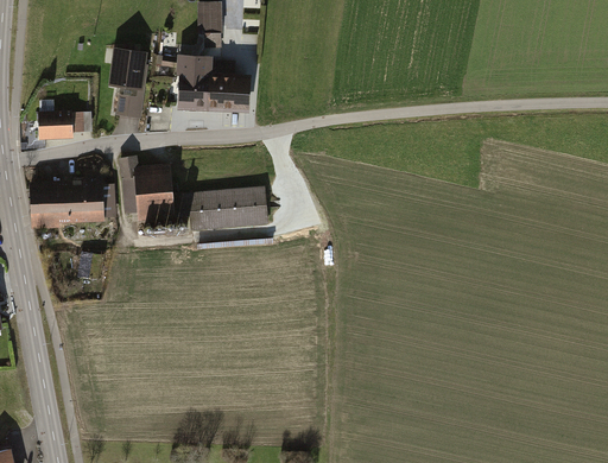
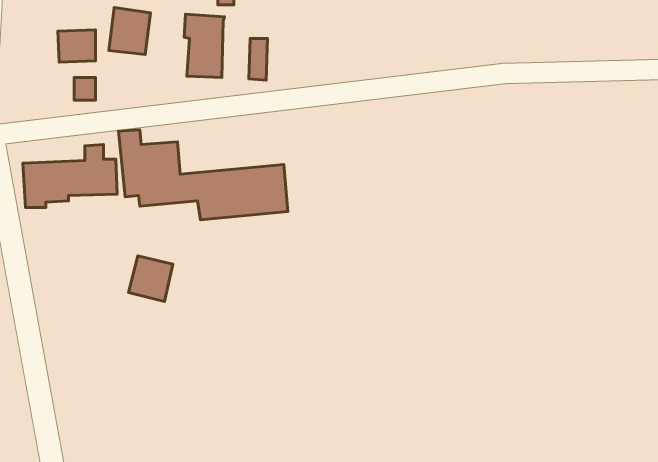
building: [209,59,234,110] -> none
building: [38,110,71,139] -> [58,30,95,62]
building: none -> [128,256,173,301]

